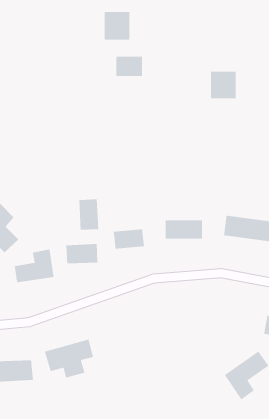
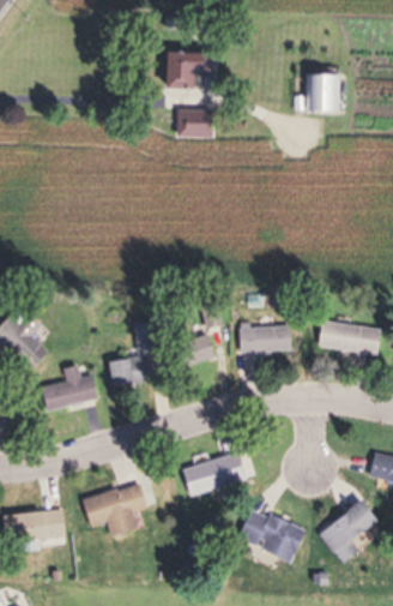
building: [210,71,237,99] -> [304,74,339,112]
building: [78,198,99,231] -> none
building: none -> [182,451,248,496]
building: none -> [248,504,308,562]

